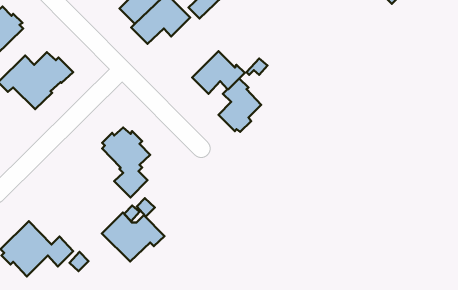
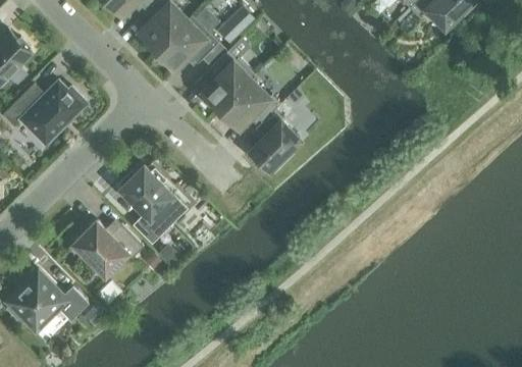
building: none -> [203,52,255,110]
building: [102,212,165,262] -> [72,221,143,276]

